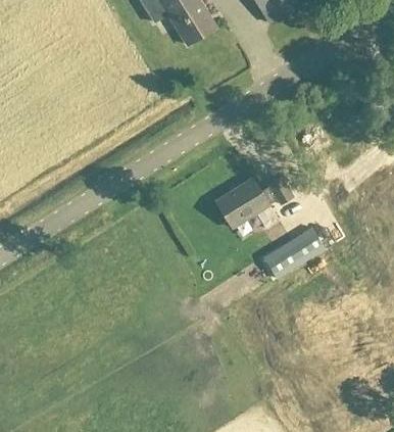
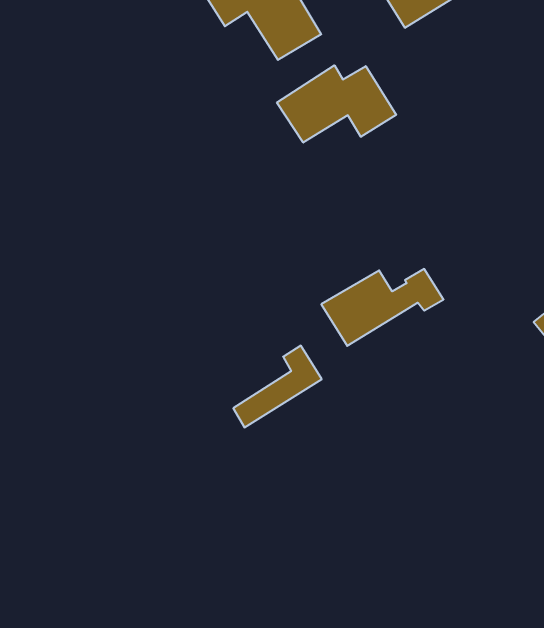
building: none -> [277,65,396,143]
building: [269,226,326,278] -> [233,346,322,427]

